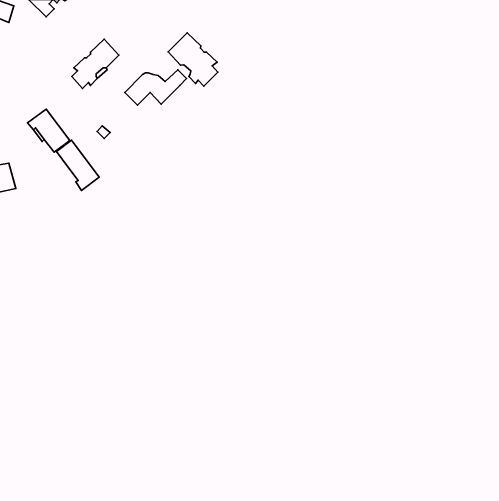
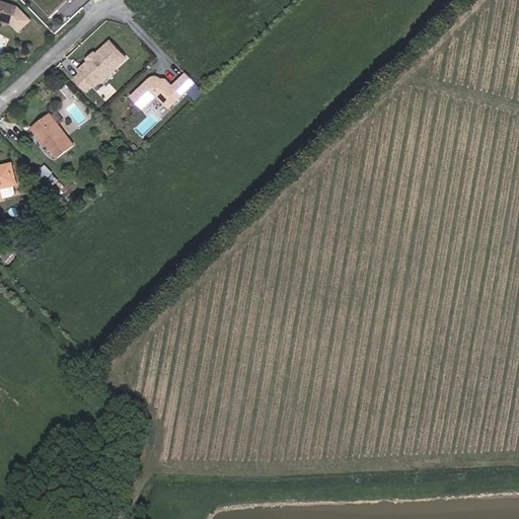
building: [168,33,218,86] -> none
building: [57,140,99,191] -> none

